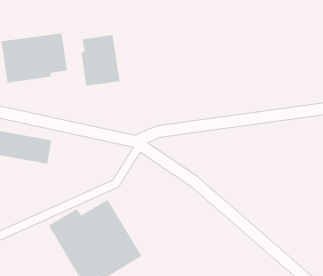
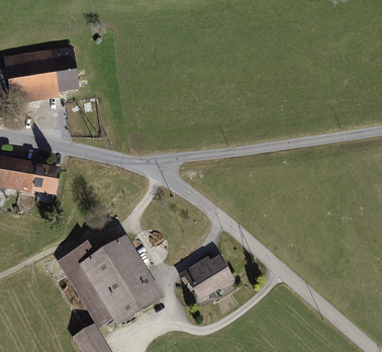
building: [80,34,120,86] -> none
building: none -> [178,254,233,301]

